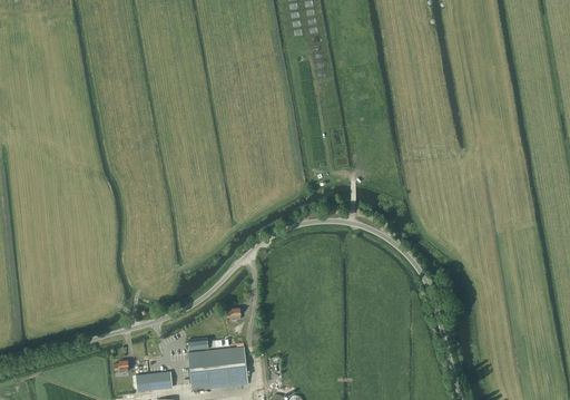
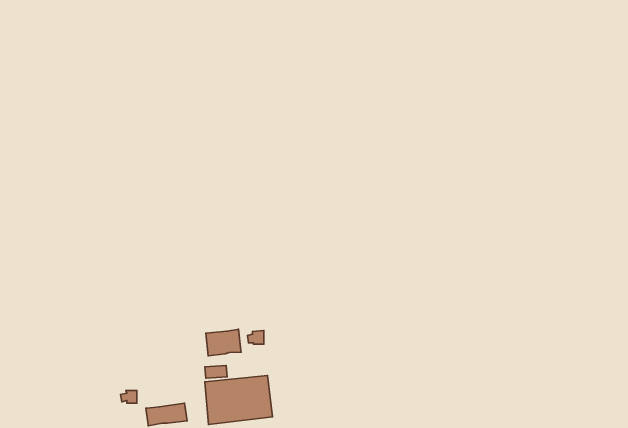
building: none -> [206,329,241,356]

